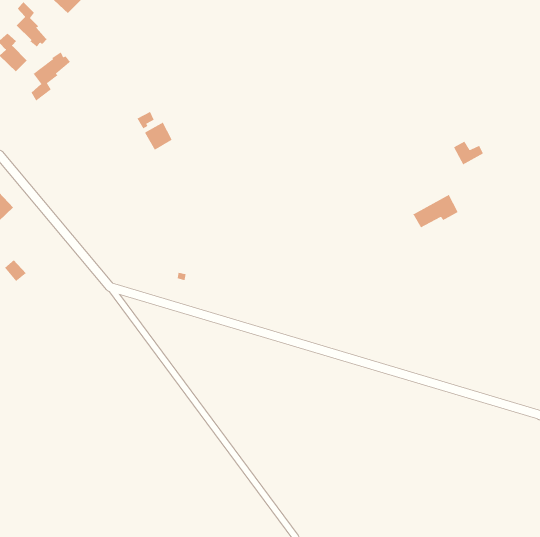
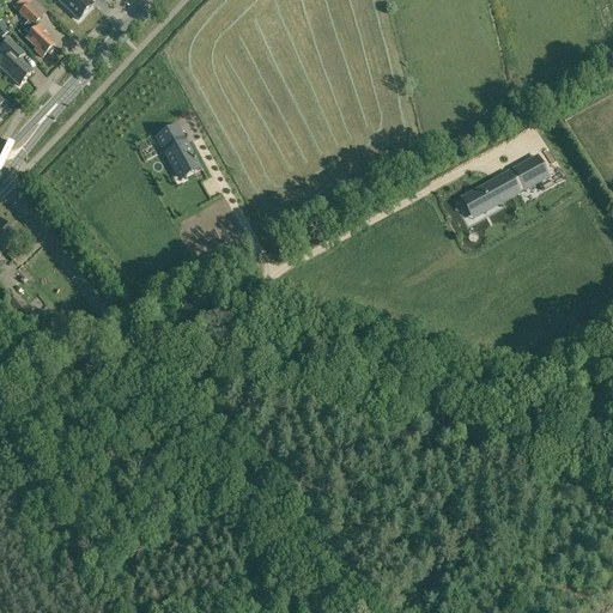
building: [31,52,71,101] -> none
building: [407,194,459,228] -> [460,169,518,207]

